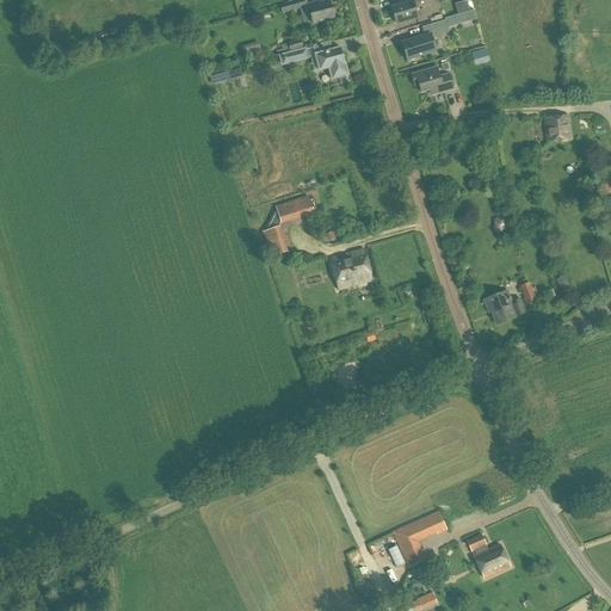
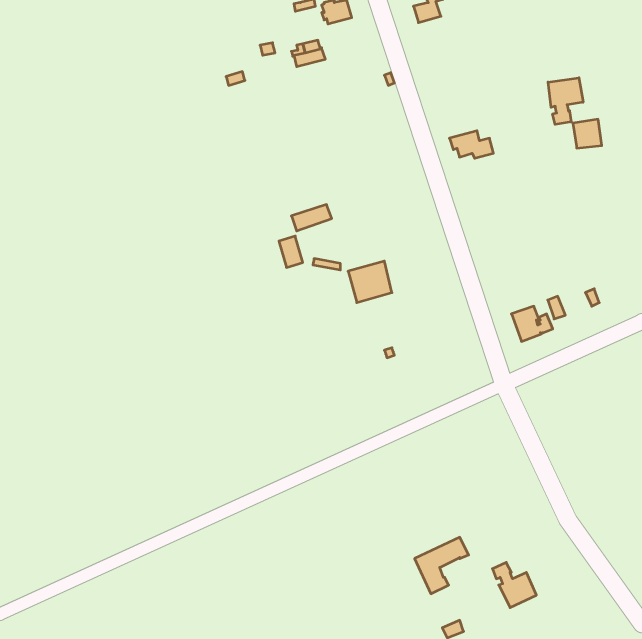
building: [402,19,449,58] -> none
building: [313,39,347,79] -> none
building: [412,66,453,92] -> [449,131,493,158]
building: none -> [548,78,583,124]

